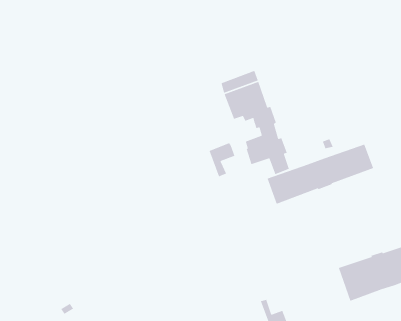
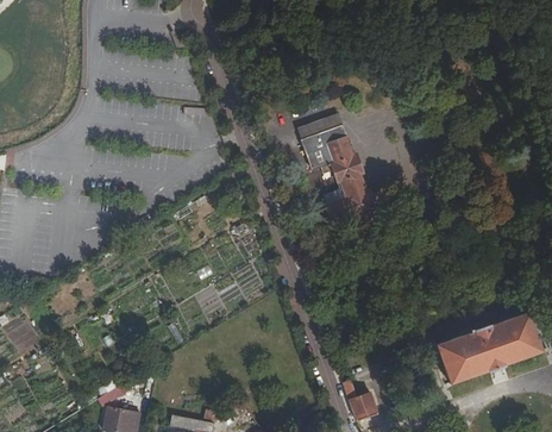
building: [208,142,235,177] -> none
building: [267,144,374,205] -> none

